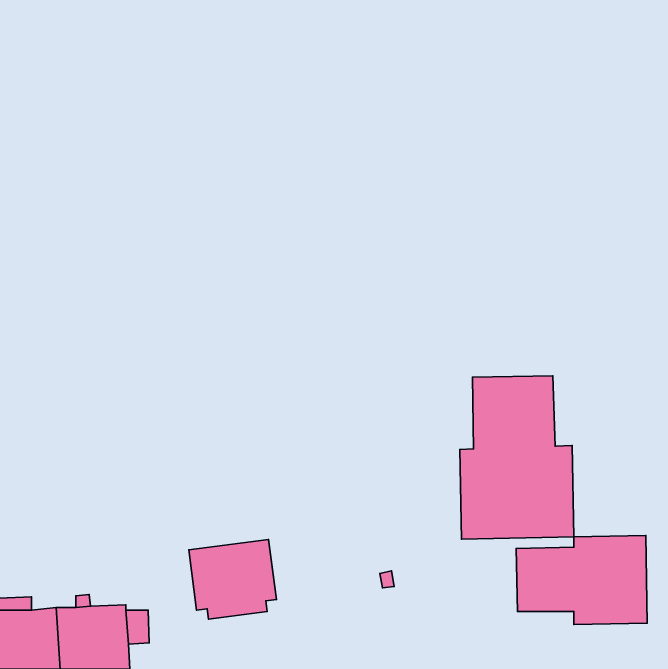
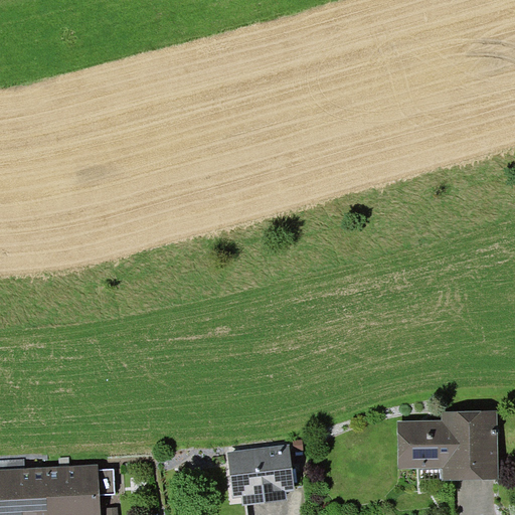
building: [460,376,574,539] -> none
building: [189,539,276,619] -> [226,444,294,505]

